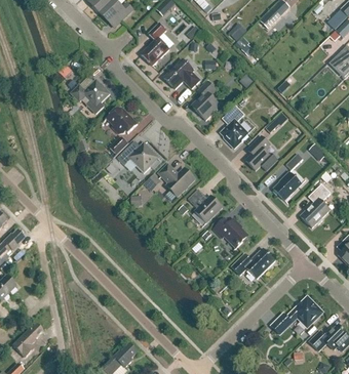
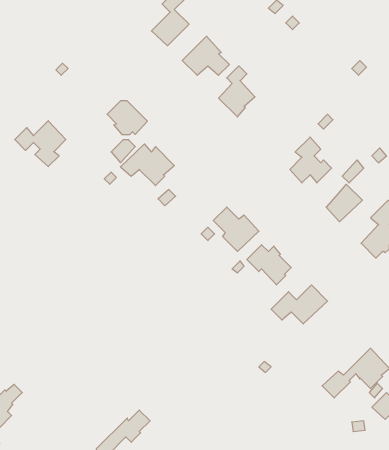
building: [71,79,110,114] -> [15,121,66,167]
building: [221,106,248,149] -> none
building: [159,164,195,196] -> none

